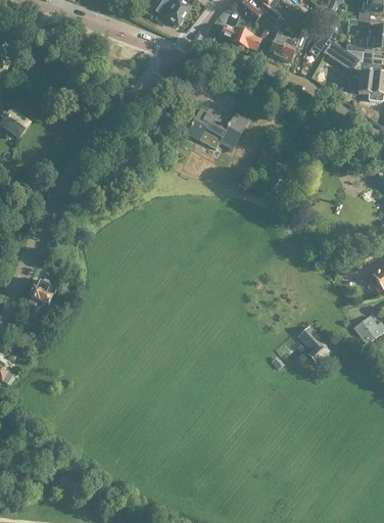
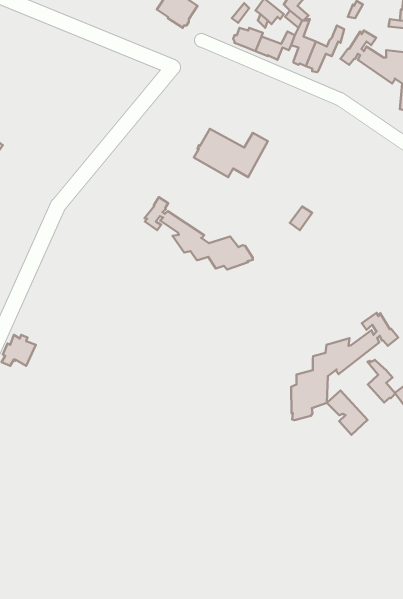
building: none -> [144,197,253,270]
building: none -> [291,313,398,420]
building: none -> [367,360,395,403]

